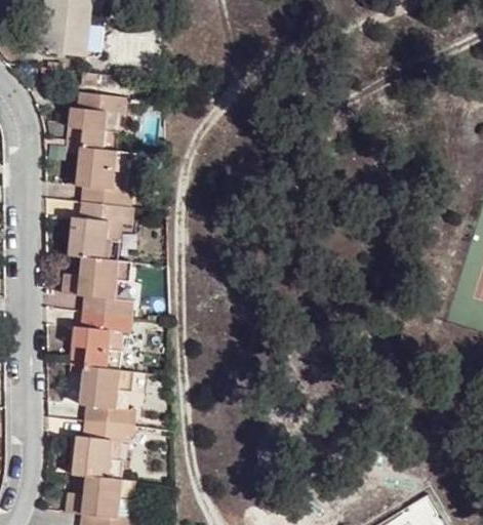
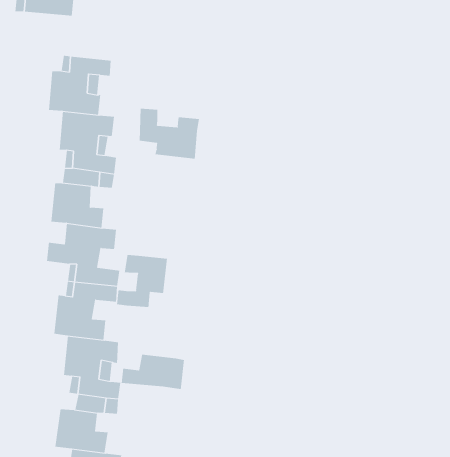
building: none -> [139,108,199,159]
building: none -> [117,254,168,308]
building: none -> [121,354,185,390]

